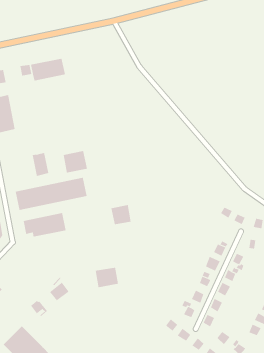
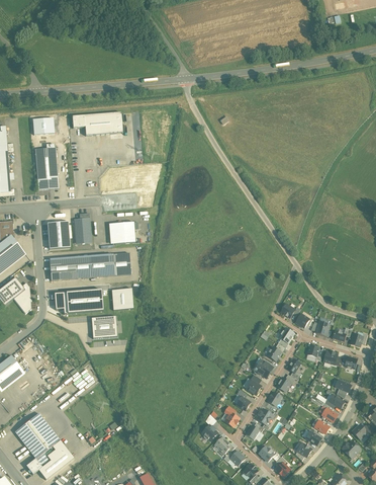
building: none -> [46,221,70,249]
building: [110,204,132,225] -> [111,288,133,309]
building: [95,267,119,288] -> [92,315,117,336]

